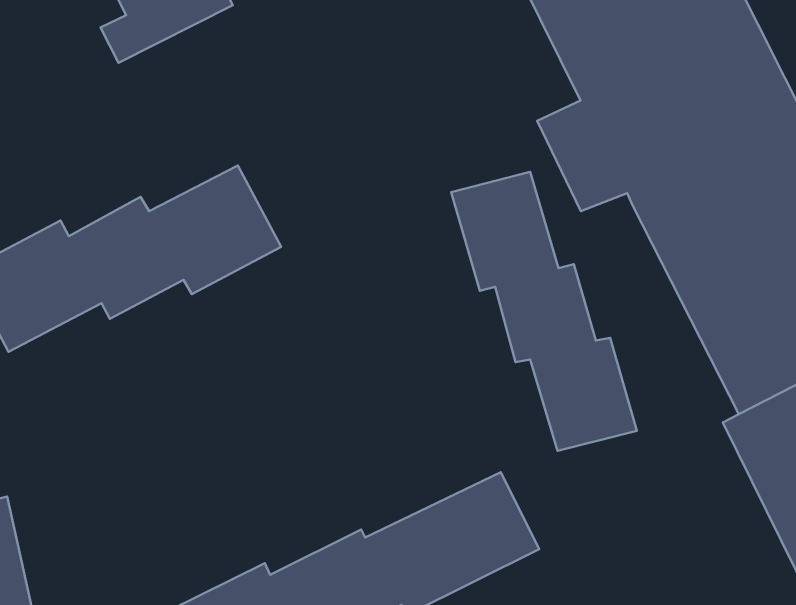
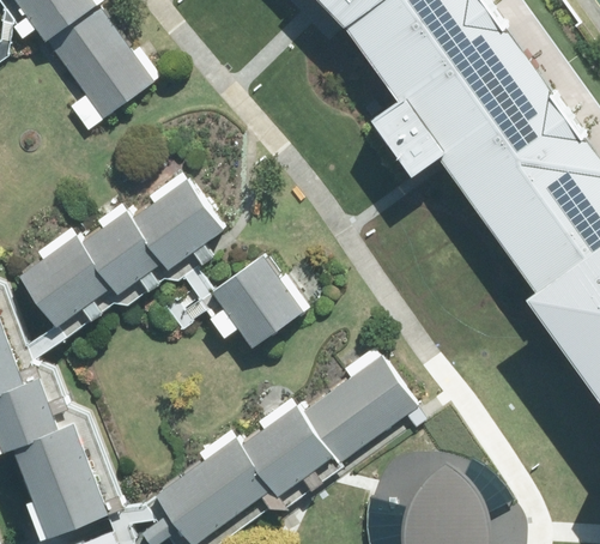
building: [451,172,637,451] -> none
building: none -> [216,254,308,346]

